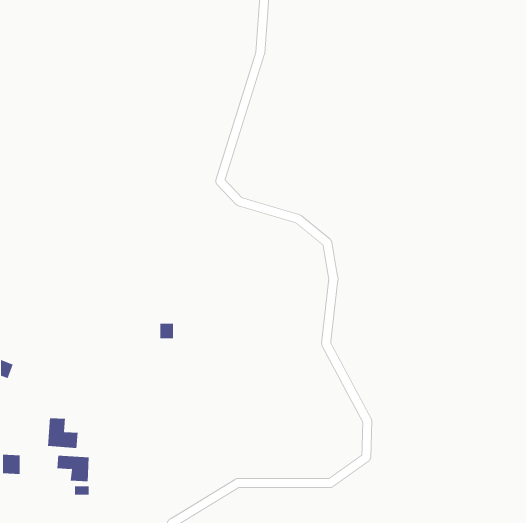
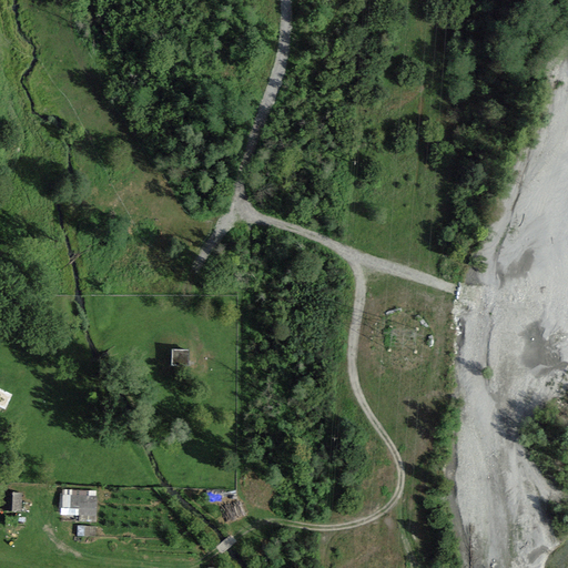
building: [47,417,78,449] -> none

